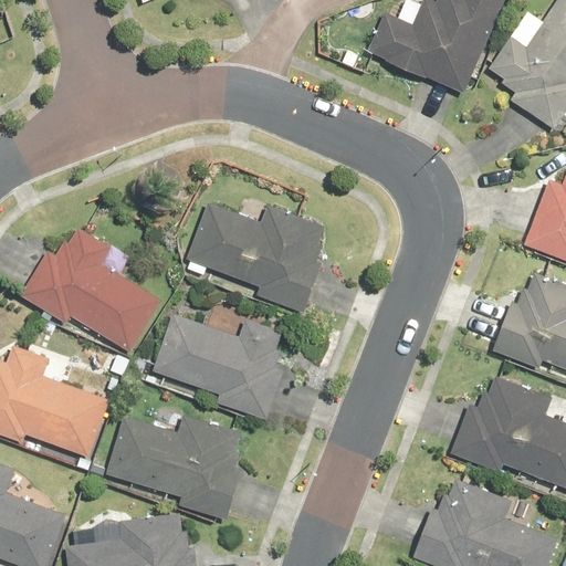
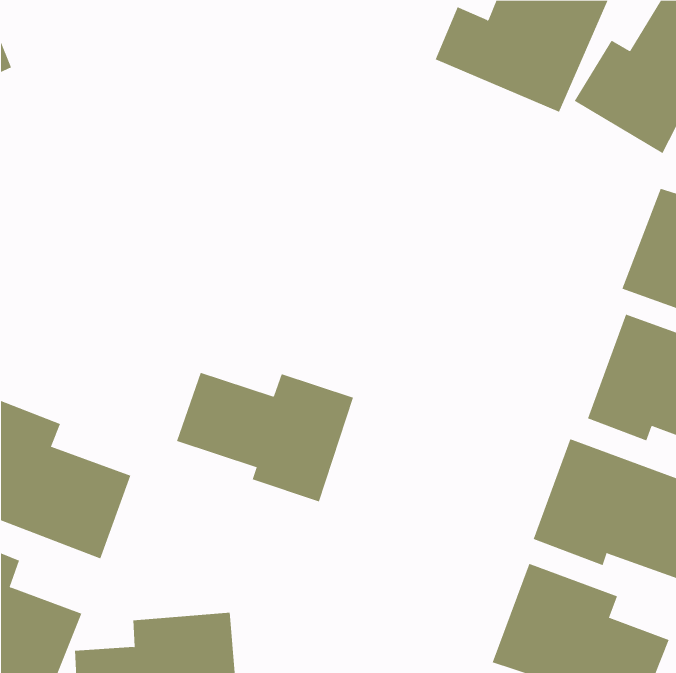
building: [186,200,333,310] -> none
building: [14,219,167,358] -> none
building: [103,412,253,521] -> none

